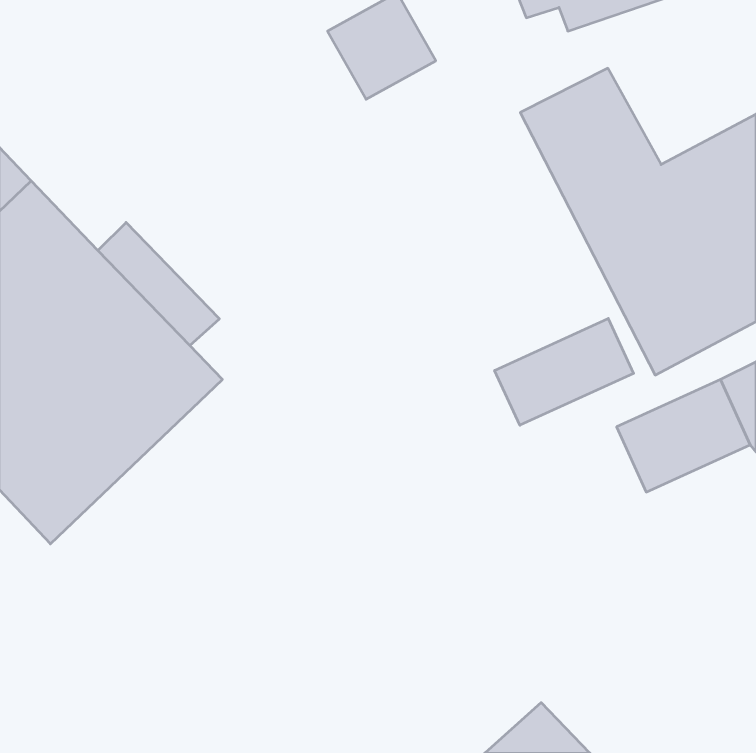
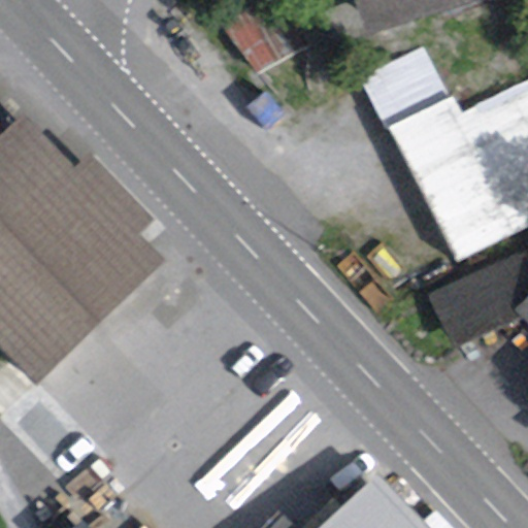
building: [495,318,634,425] -> none

